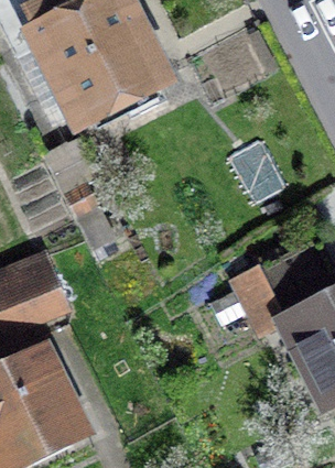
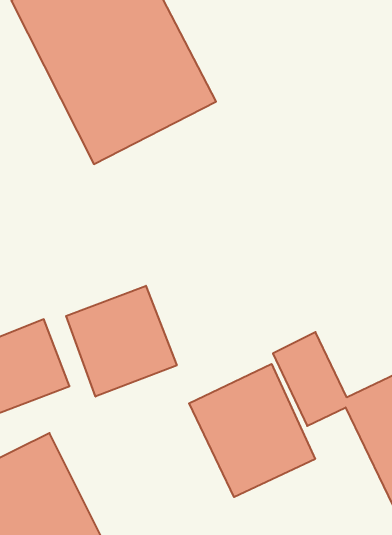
building: none -> [66,286,177,397]
building: none -> [189,364,315,497]

